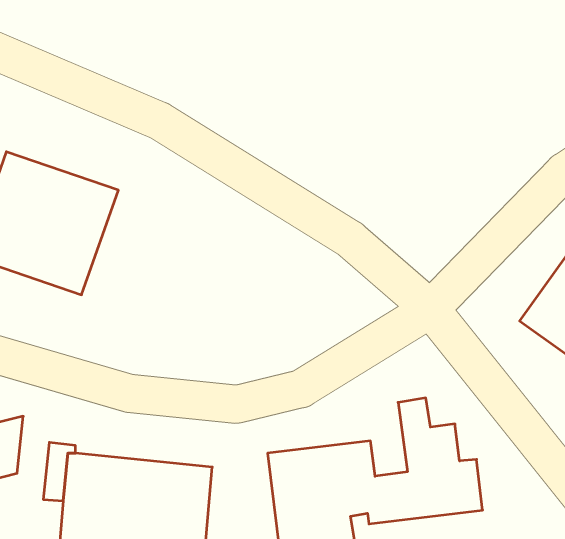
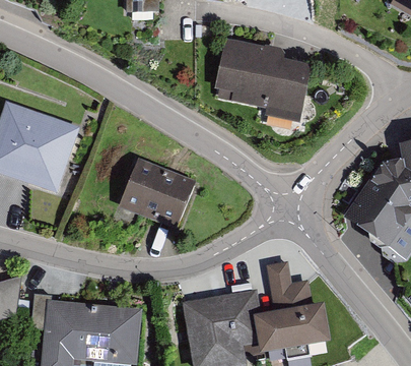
building: none -> [215,38,312,121]
building: none -> [118,159,197,232]

